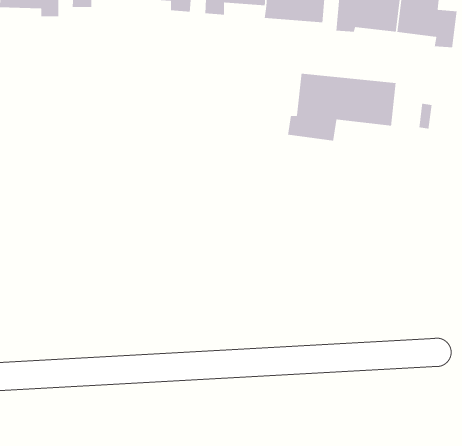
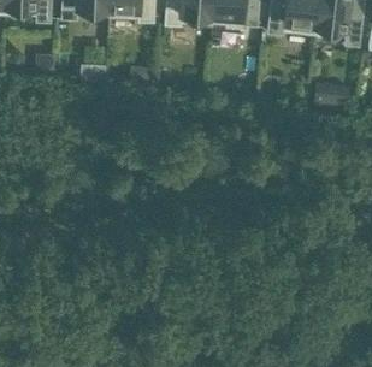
building: [287,73,397,141] -> none

